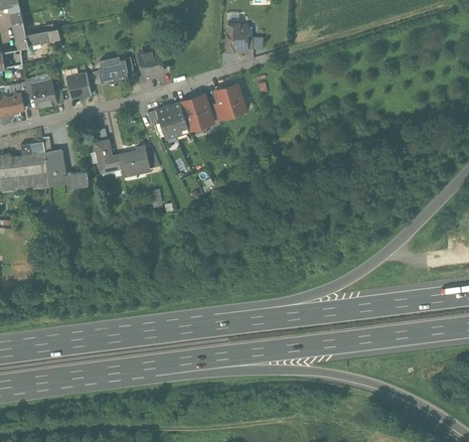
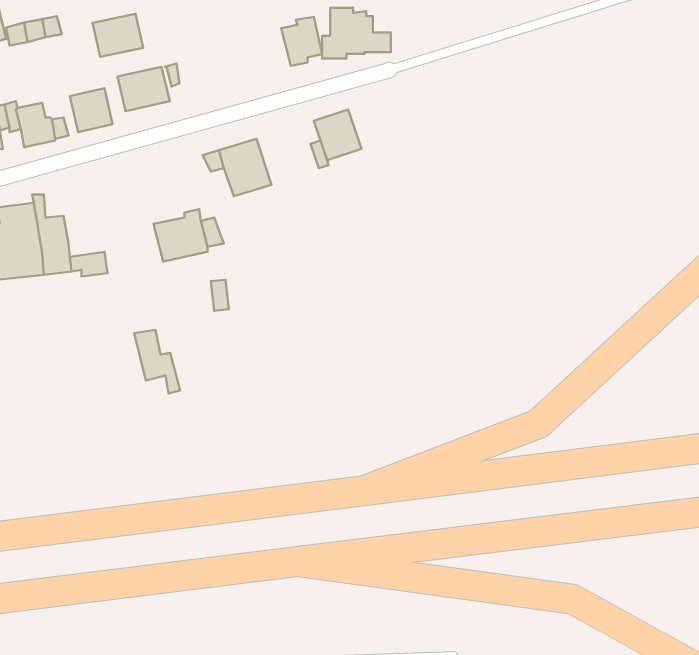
building: none -> [93,14,143,57]
building: [139,47,164,78] -> [281,17,322,66]
building: [180,95,212,128] -> none
building: [95,141,123,180] -> [134,330,180,394]

